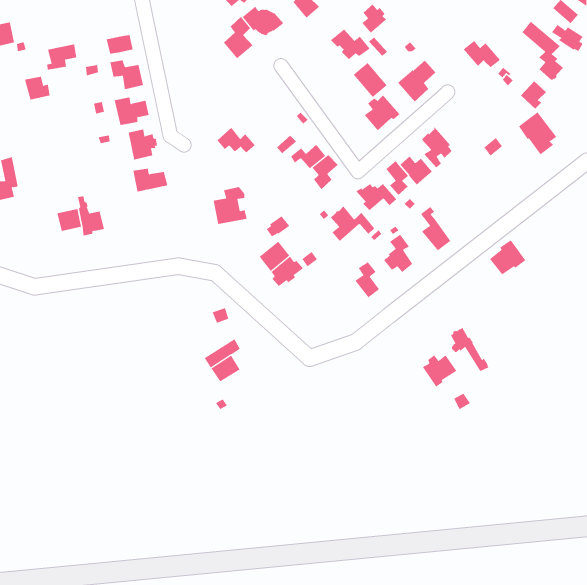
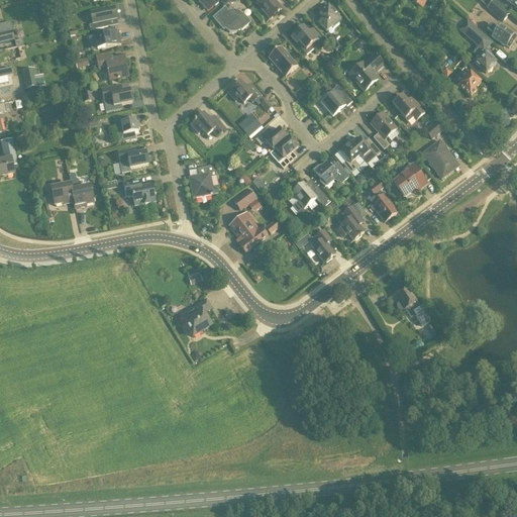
building: [223,16,254,59] -> none
building: [463,40,501,68] -> [391,94,424,118]
building: [46,44,77,70] -> [88,5,115,28]
building: [353,62,387,98] -> [267,44,297,76]
building: none -> [226,80,260,102]
building: [518,111,557,155] -> [421,139,455,178]
building: none -> [122,178,154,204]
building: [489,240,526,275] -> [393,163,425,194]
building: [422,354,457,388] -> none

